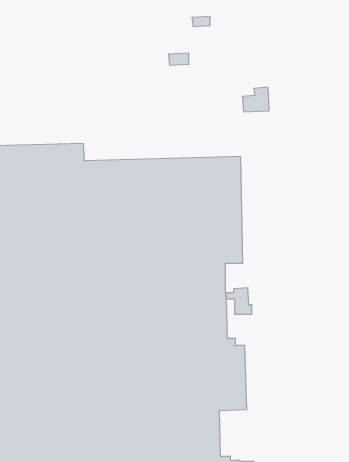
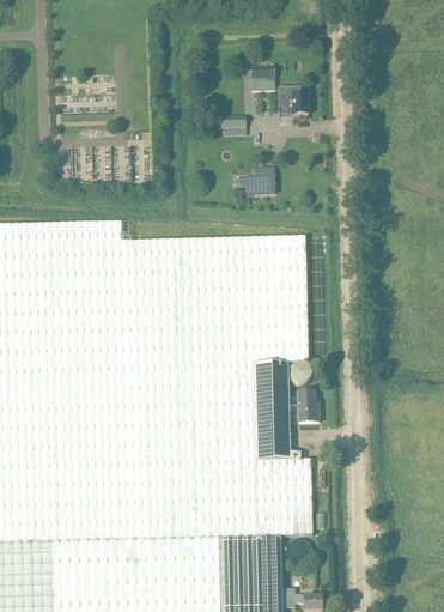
building: none -> [278,89,308,116]
building: [243,87,269,112] -> [244,168,275,196]

